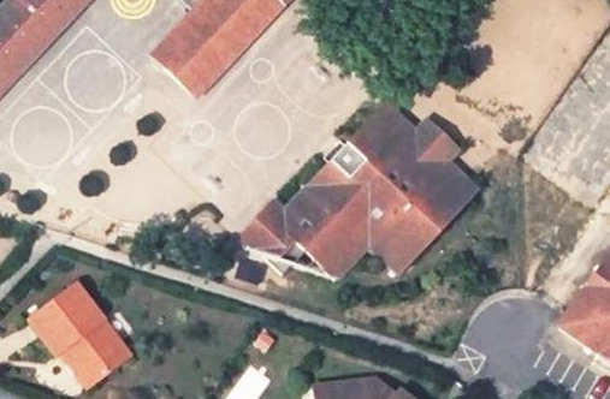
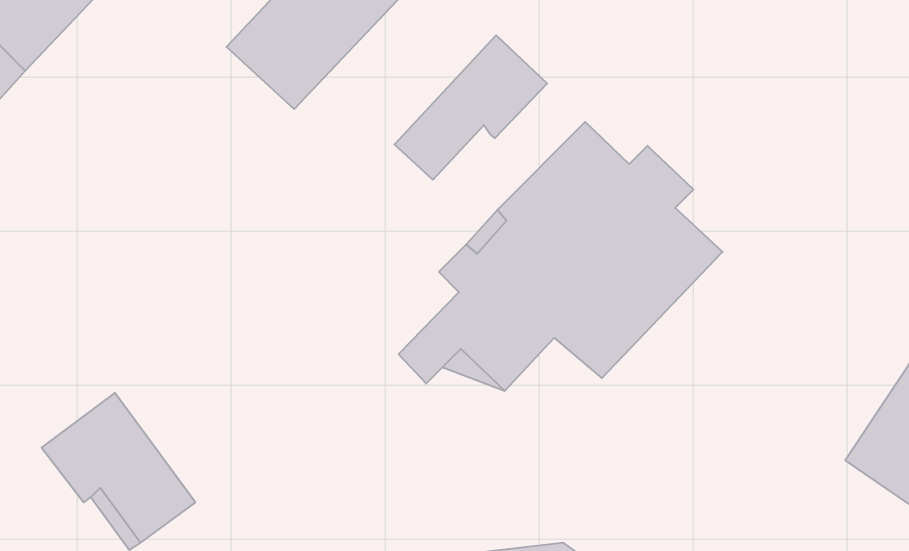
building: none -> [394,35,547,180]
building: [237,200,306,256] -> none

